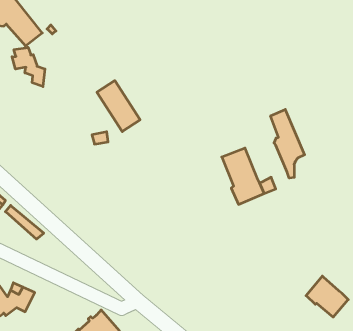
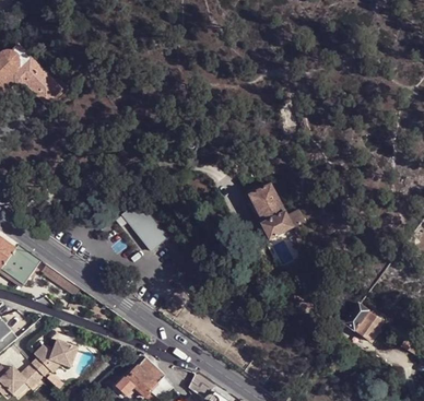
building: [12,47,45,87] -> none
building: [97,81,140,132] -> [121,202,166,251]
building: [271,109,305,178] -> none

